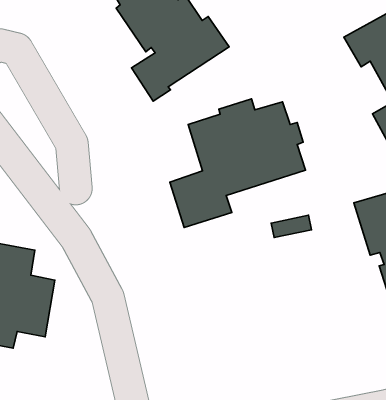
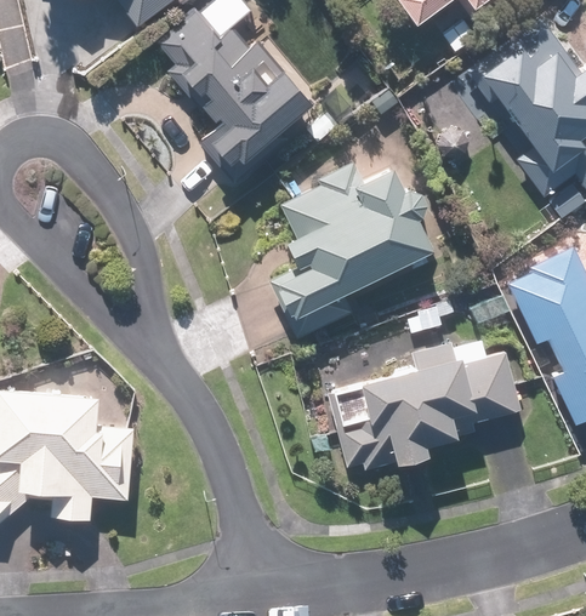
building: none -> [335,341,520,469]

